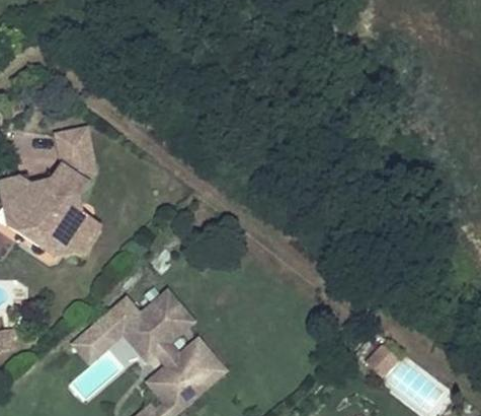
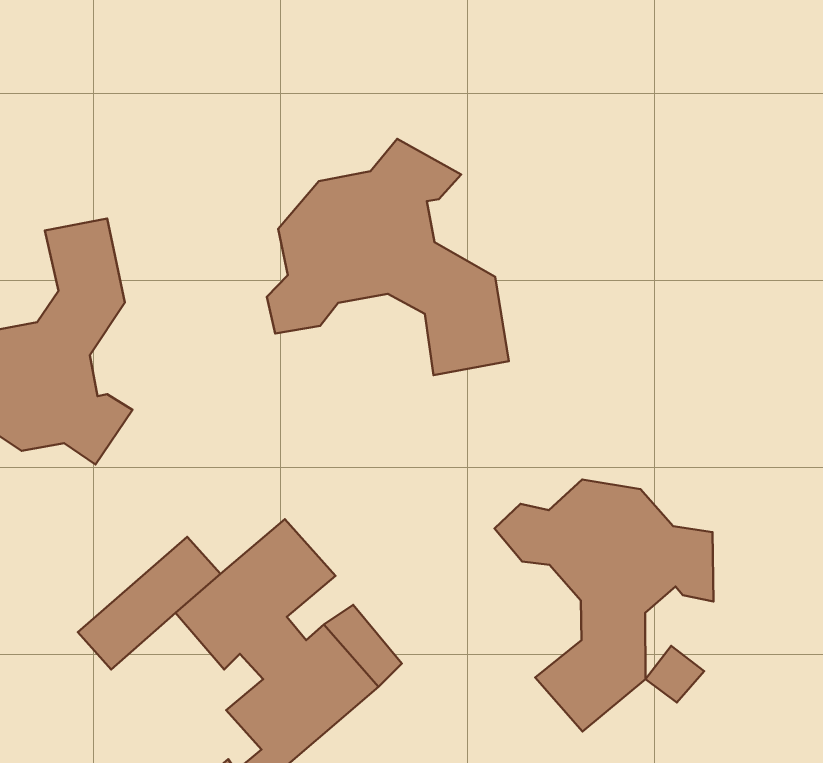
building: none -> [267,139,509,375]
building: none -> [494,480,714,732]

